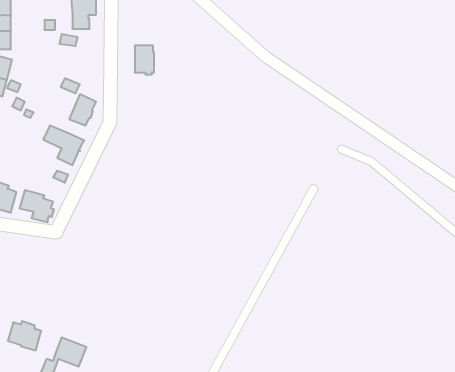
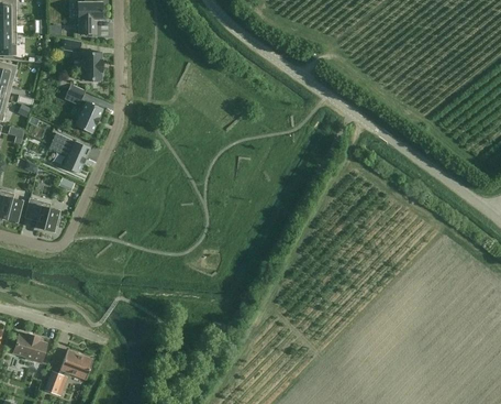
building: [135,46,154,75] -> [84,52,103,81]

